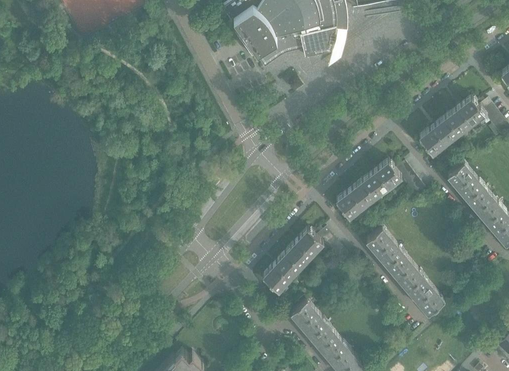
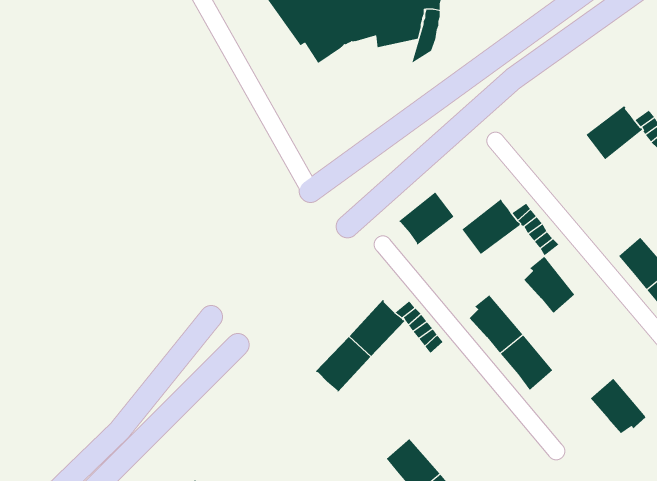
building: [417,118,457,155] -> none
building: [446,161,481,200] -> [523,256,575,314]
building: [335,182,373,219] -> [398,192,455,246]
building: [406,277,444,315] -> [590,378,646,434]
building: [290,298,325,337] -> none

